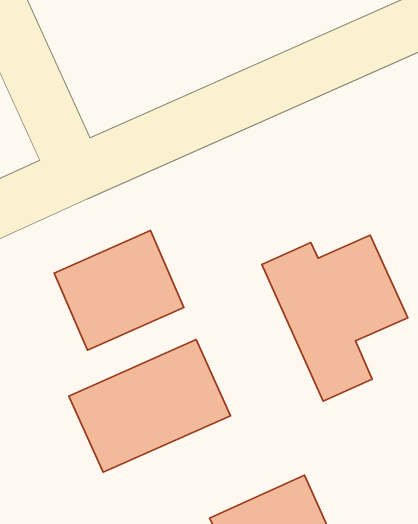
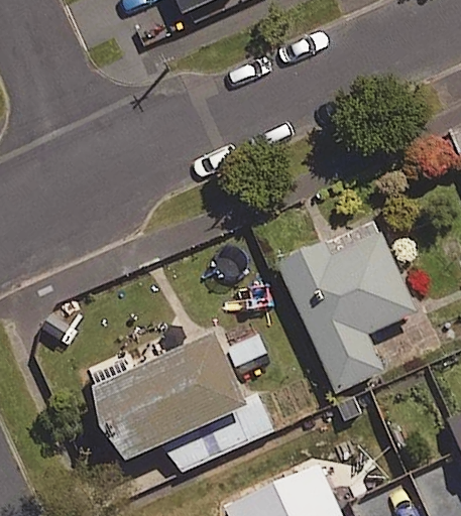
building: [54,231,184,350] -> none

